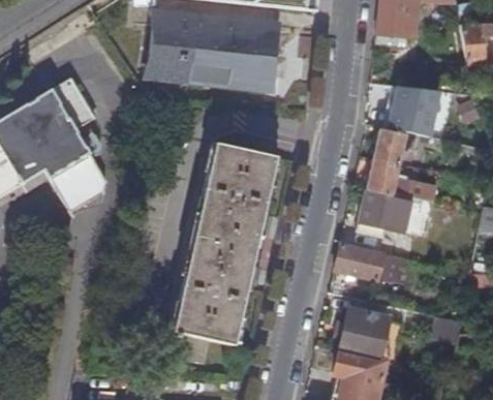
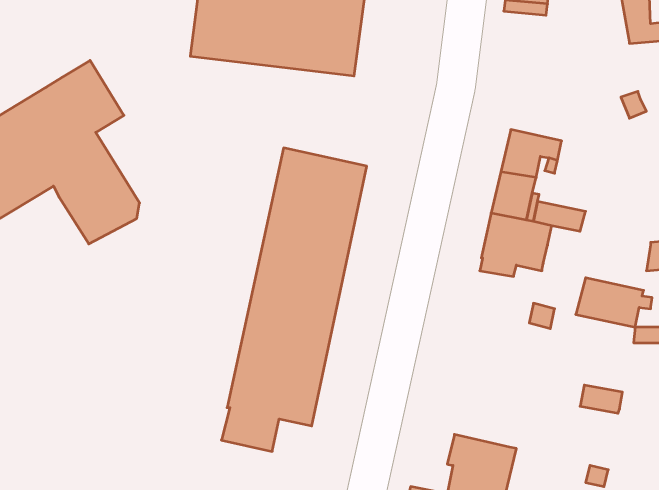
building: [393,80,445,134] -> none
building: [335,245,391,281] -> [576,278,652,327]
building: [340,309,390,362] -> none

